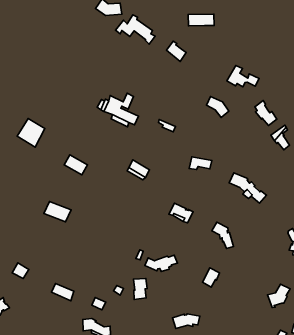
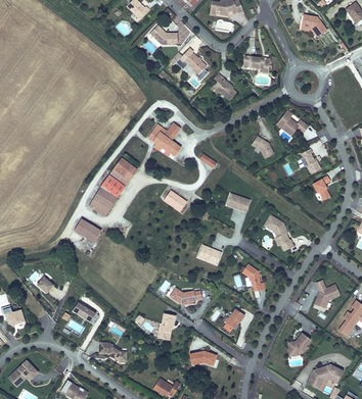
building: [17,118,45,147] -> [109,158,138,188]
building: none -> [90,189,117,217]

